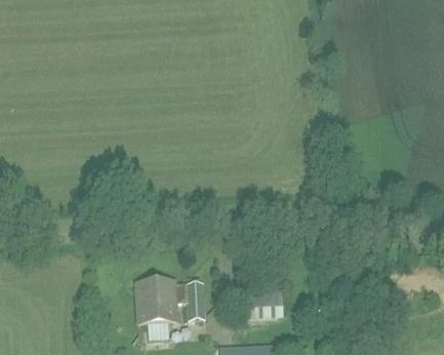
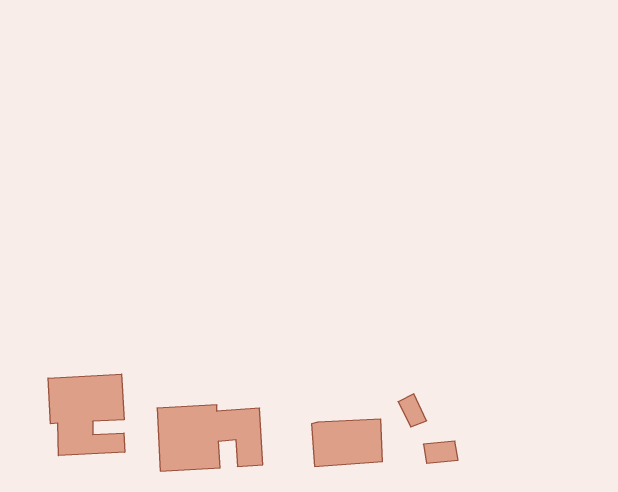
building: none -> [48,374,125,456]

